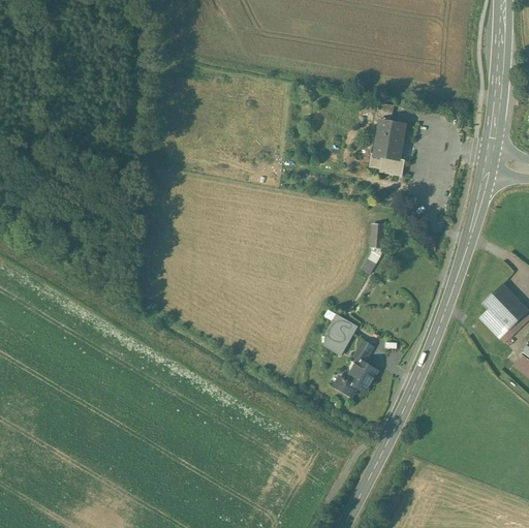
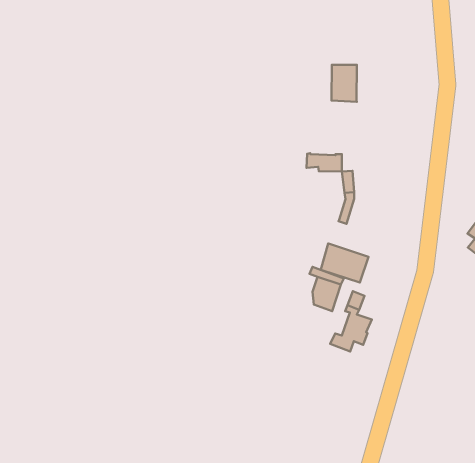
building: [369,153,405,176] -> [306,153,342,172]
building: none -> [321,243,369,283]

